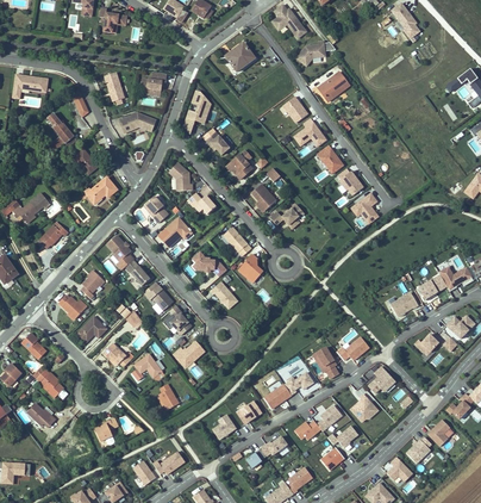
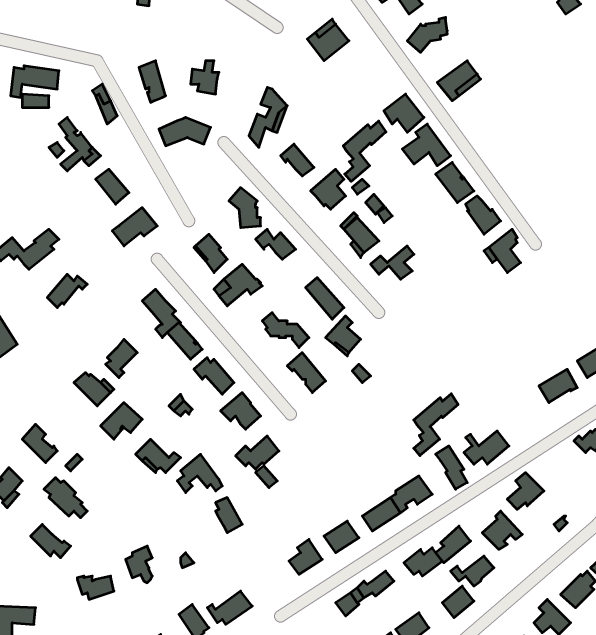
building: none -> [343,121,386,181]
building: none -> [414,394,458,456]

